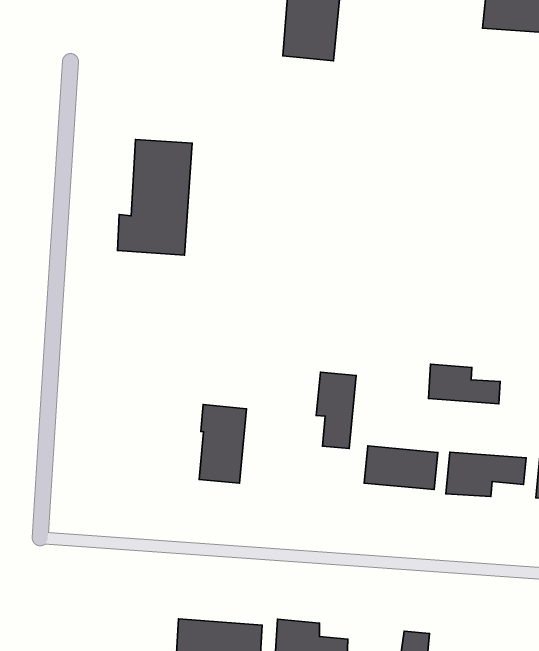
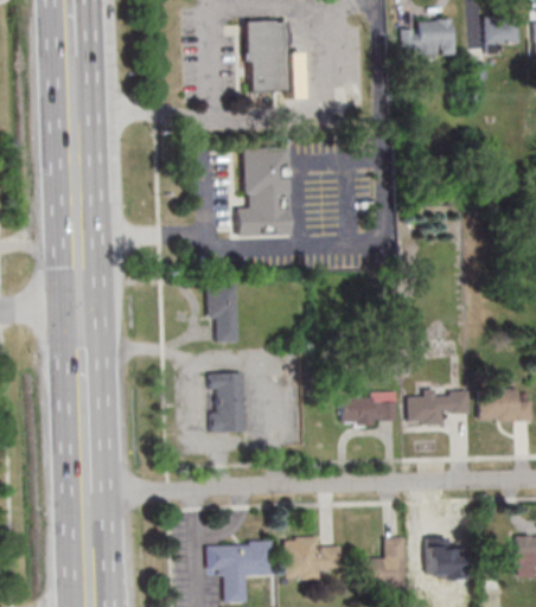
building: [117,139,192,255] -> [236,146,291,236]
building: [429,364,500,404] -> none
building: [316,372,356,449] -> [209,283,237,341]

